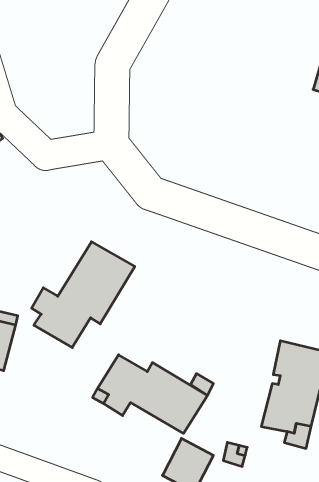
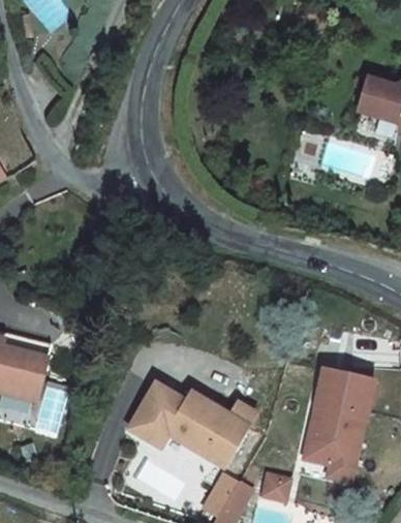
building: [32,242,135,348] -> none

